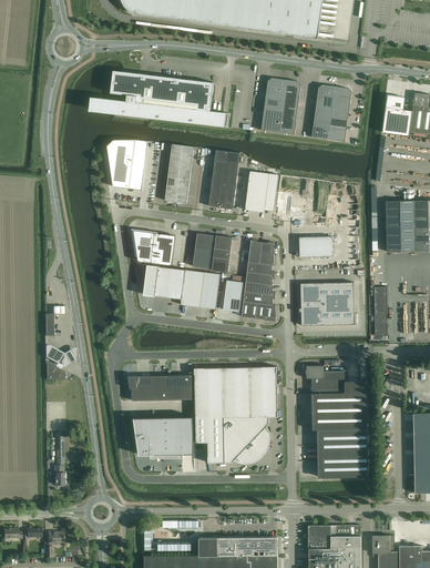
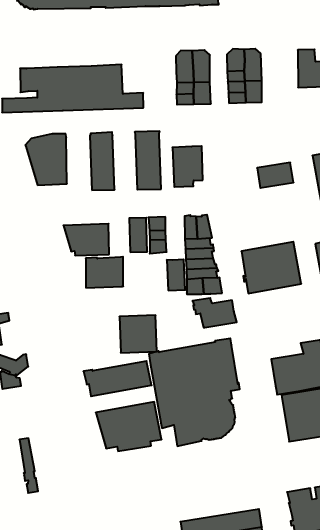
building: [299,237,332,257] -> [257,163,294,188]
building: [180,270,219,310] -> [119,315,157,353]
building: [305,365,345,393] -> [192,298,237,328]

